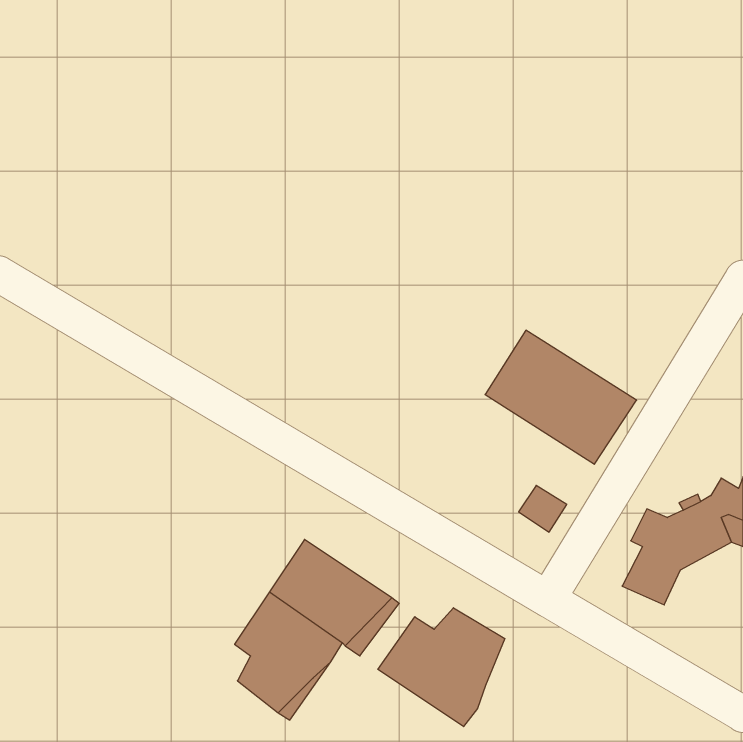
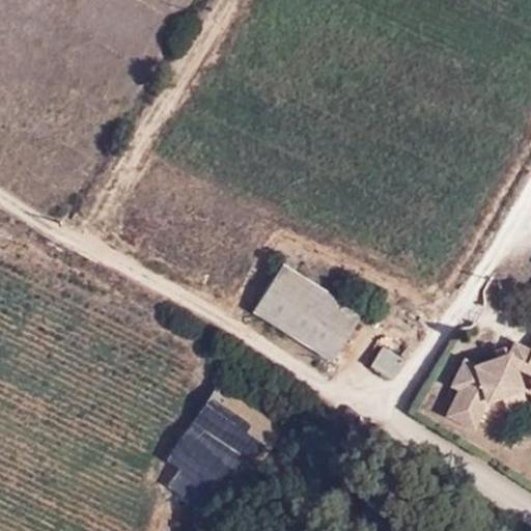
building: [485,330,637,464] -> [252,264,360,360]
building: [378,608,505,727] -> none

